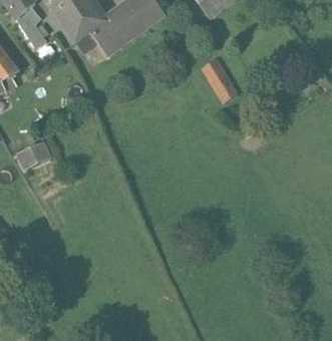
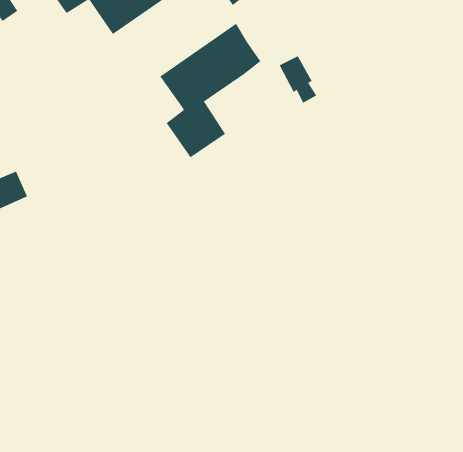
building: none -> [159,23,261,158]

